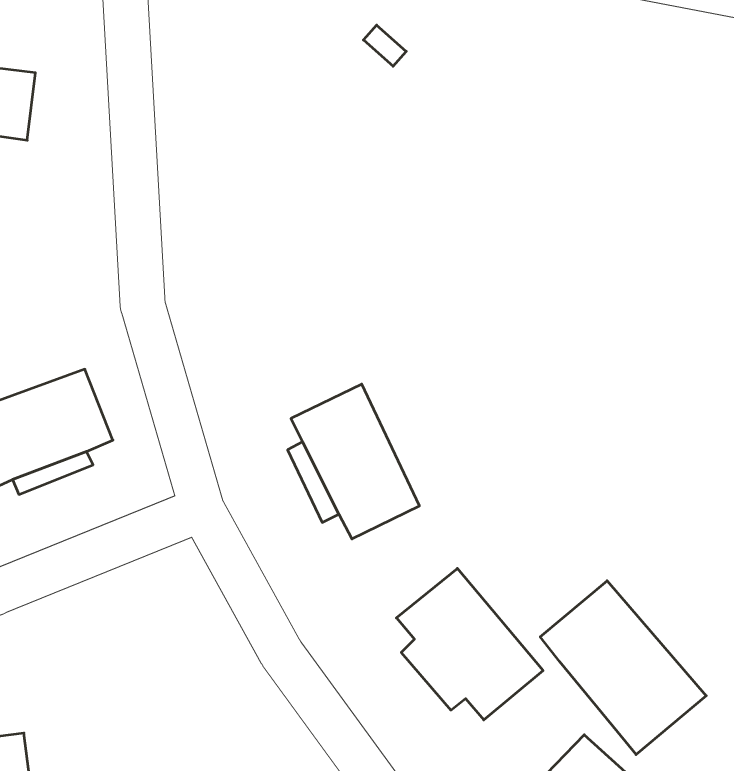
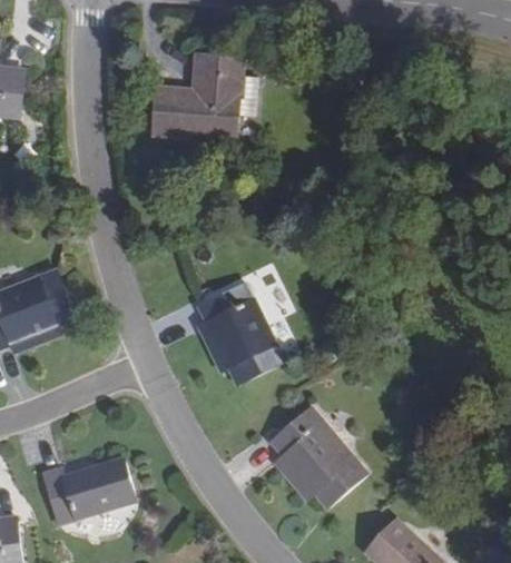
building: none -> [154,53,242,139]
building: [540,581,706,755] -> none
building: none -> [41,456,137,524]

